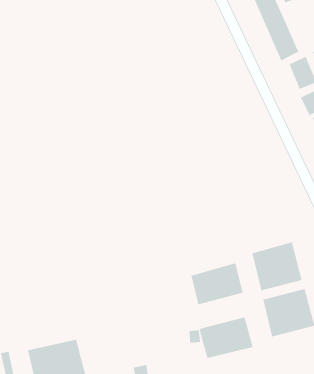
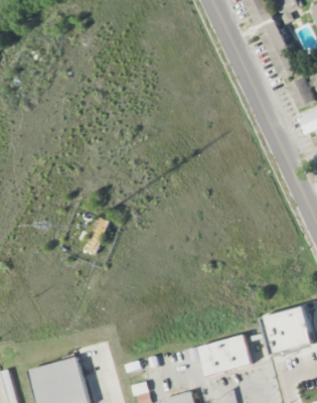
building: [252,241,302,291] -> none
building: [191,262,243,305] -> none

